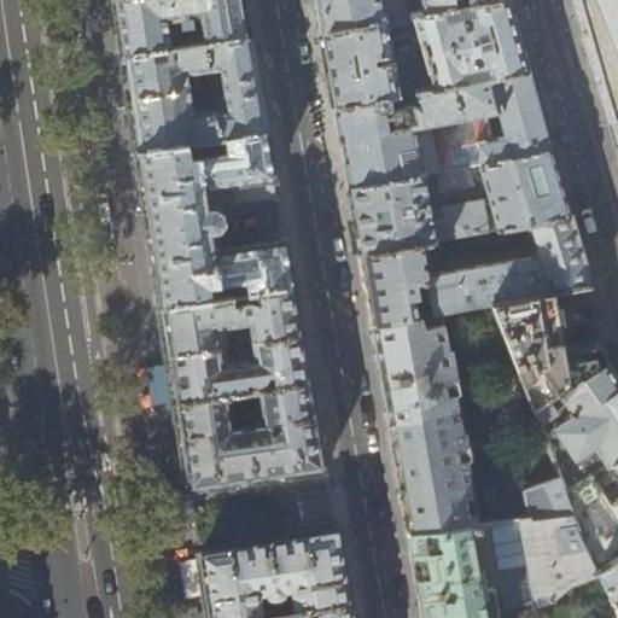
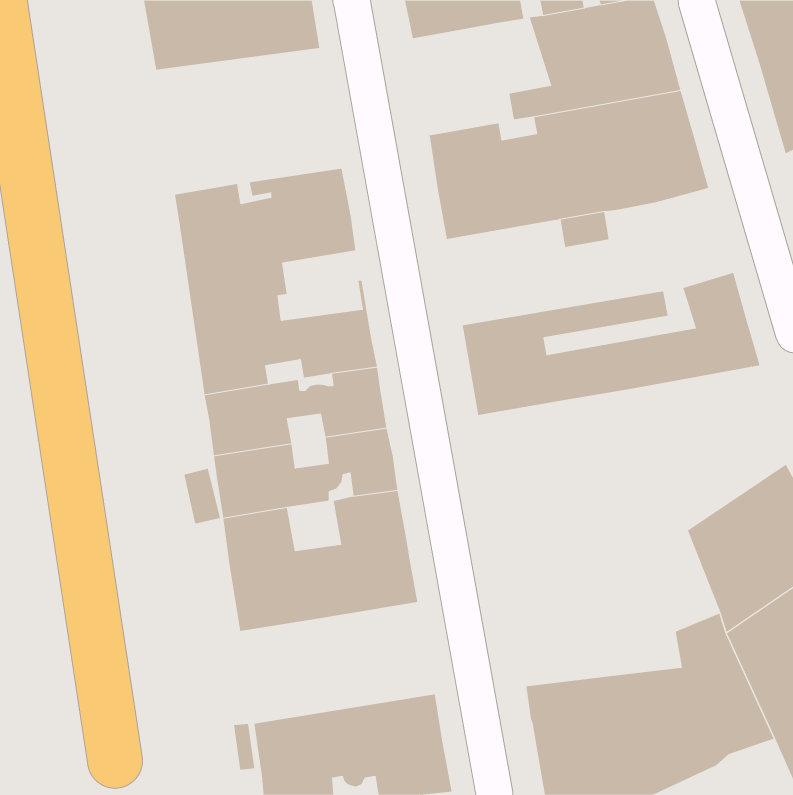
building: [321,18,400,105] -> none
building: [122,37,267,151] -> none
building: [348,146,571,252] -> none
building: [492,285,612,412] -> none
building: [372,310,479,532] -> none

